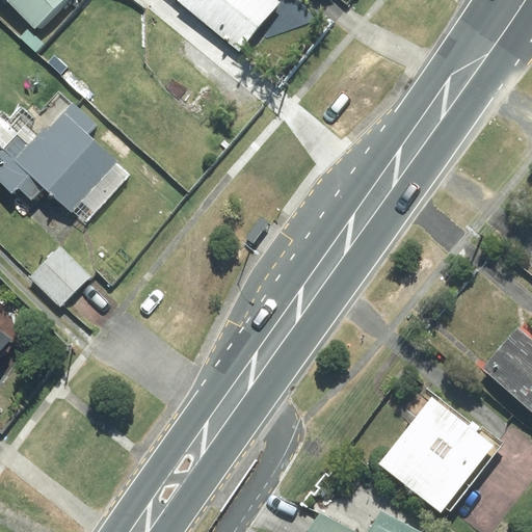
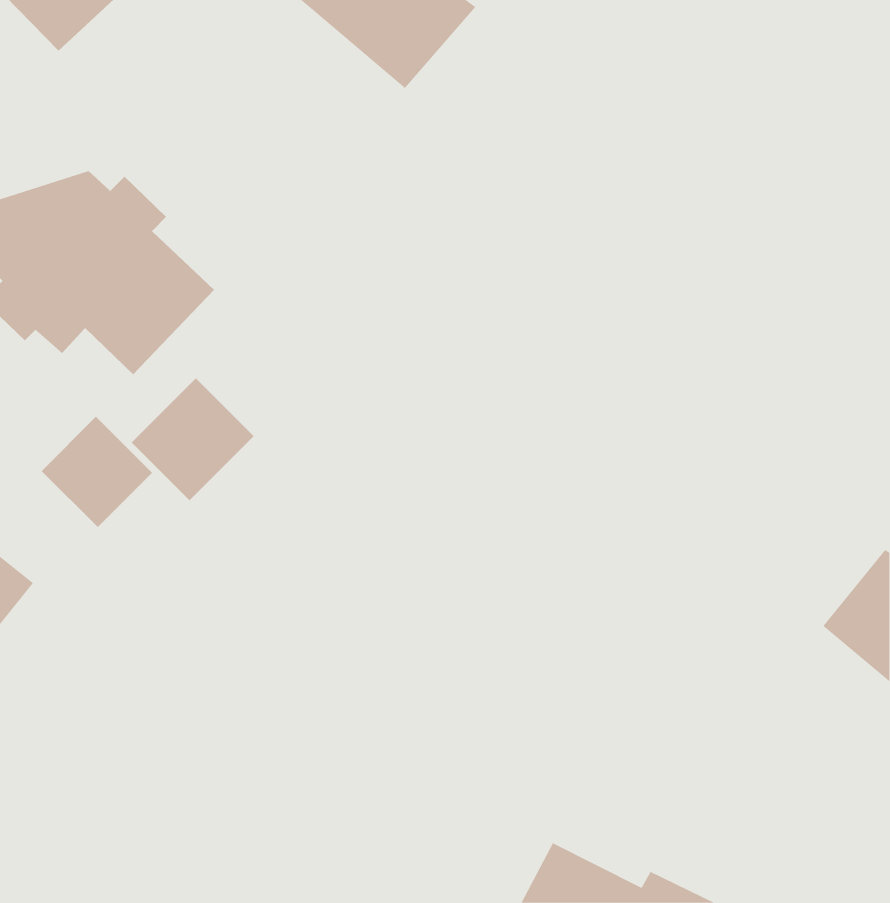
building: none -> [131,377,255,501]
building: [380,394,505,515] -> none

